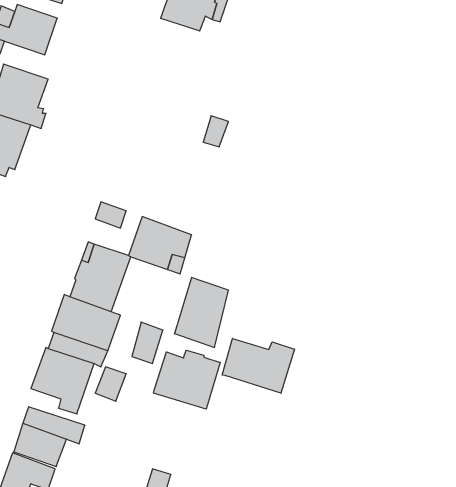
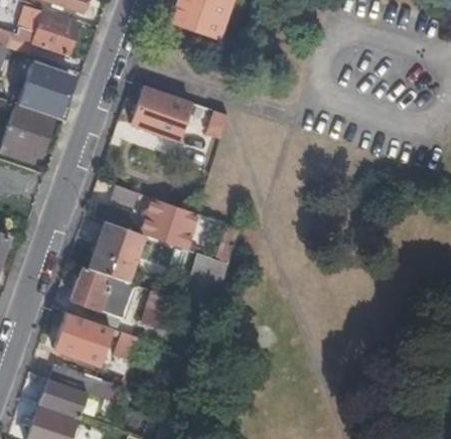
building: none -> [133,87,192,139]
building: [222,338,294,393] -> none
building: [154,350,220,409] -> none

